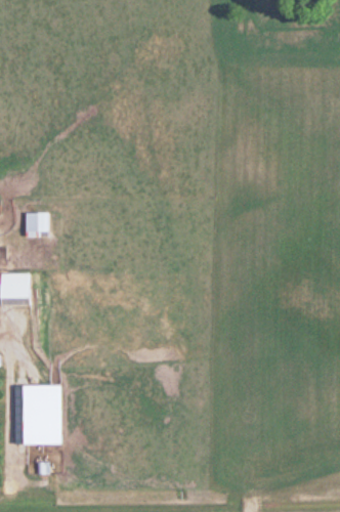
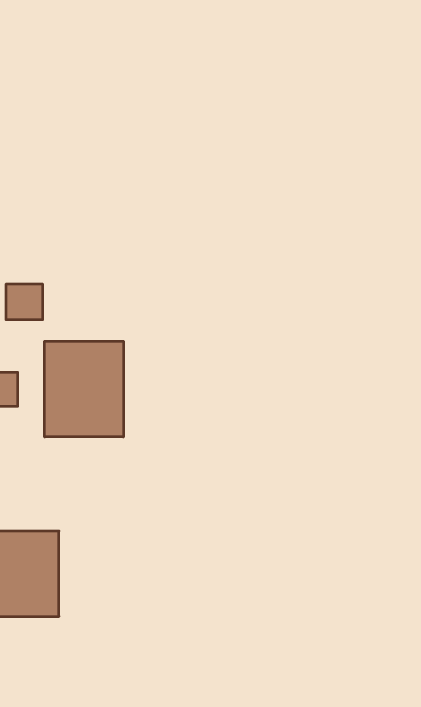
building: none -> [45,341,123,437]

